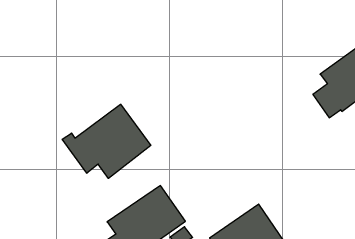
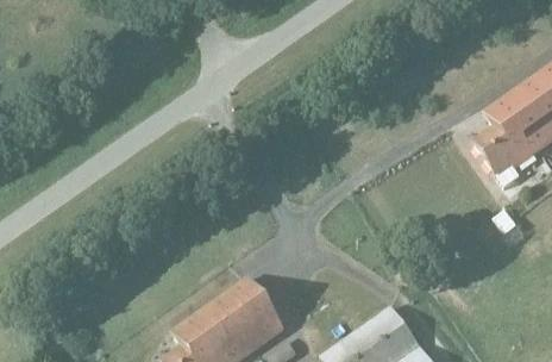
building: [62,104,151,178] -> none

